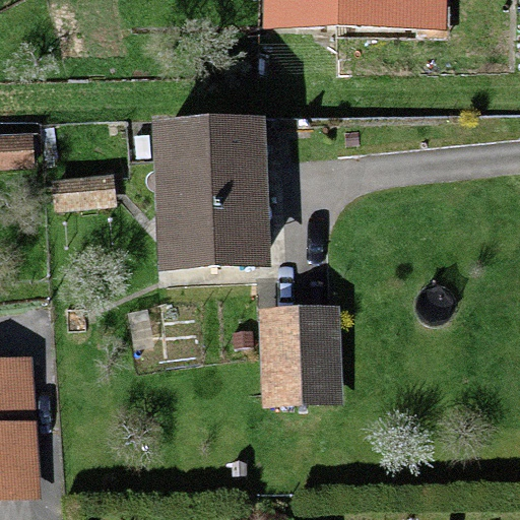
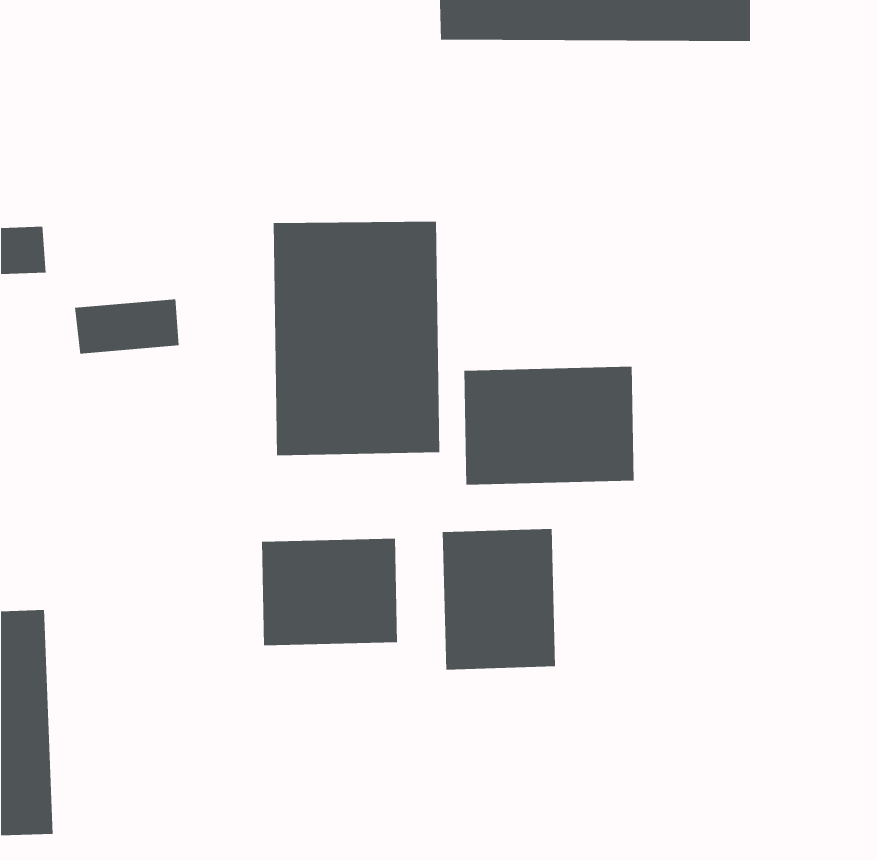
building: none -> [464,366,634,485]
building: none -> [262,538,397,646]

